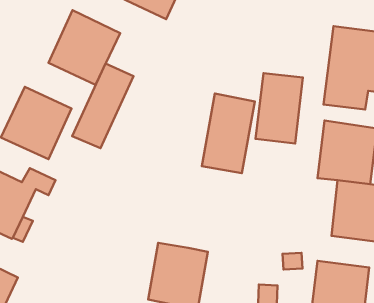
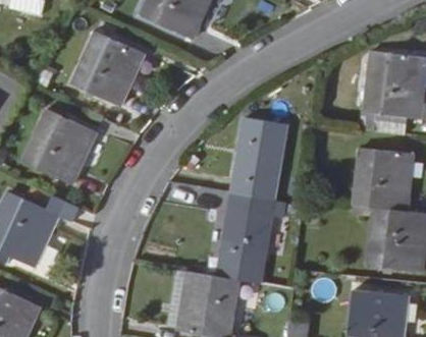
building: [72,63,133,148] -> none
building: [255,73,303,144] -> none
building: none -> [217,192,272,283]

